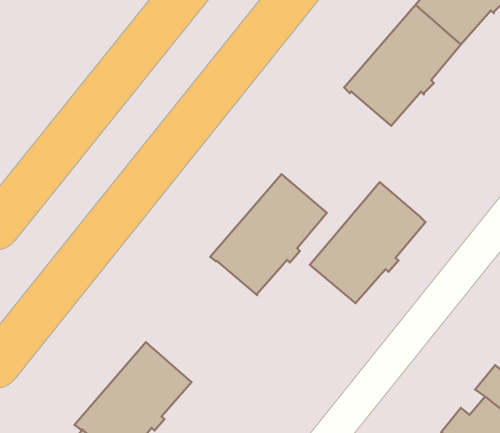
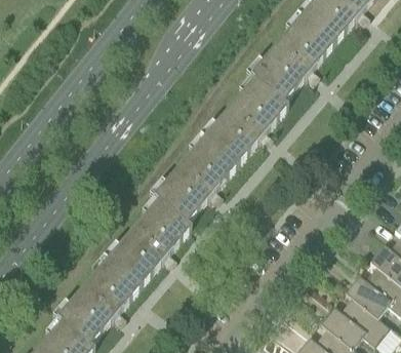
building: [310,182,425,303] -> [204,78,287,165]
building: none -> [107,200,191,287]

